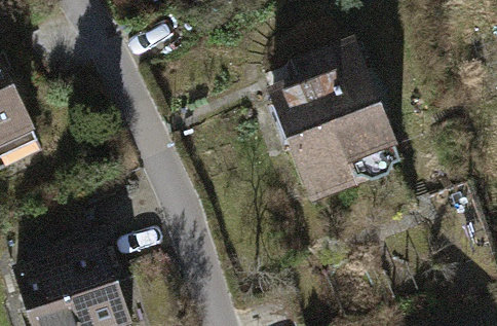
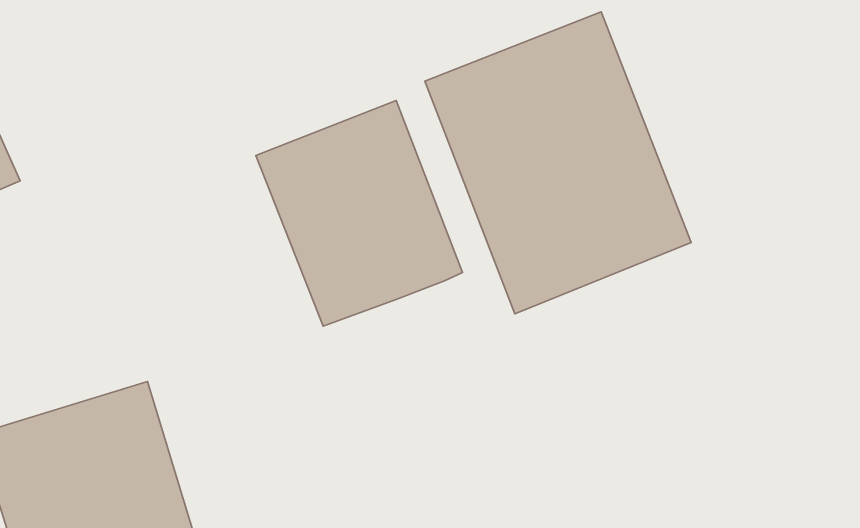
building: none -> [256,101,462,326]

